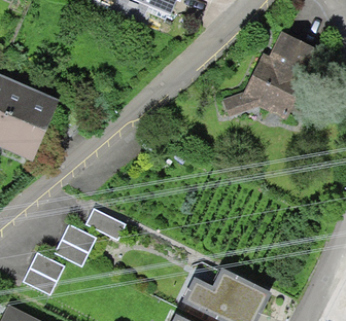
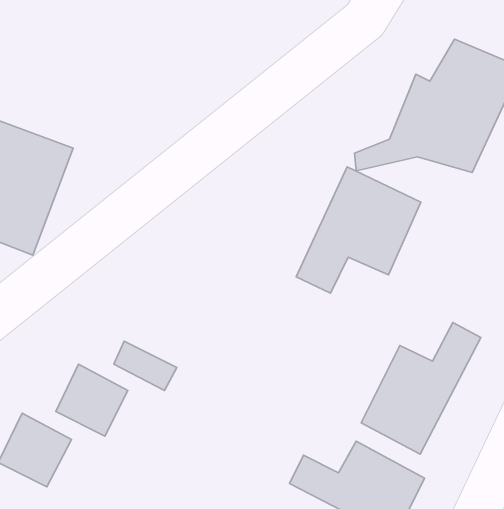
building: none -> [296,167,421,293]
building: none -> [361,323,481,454]

